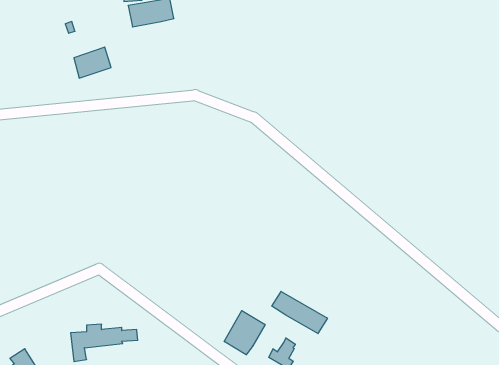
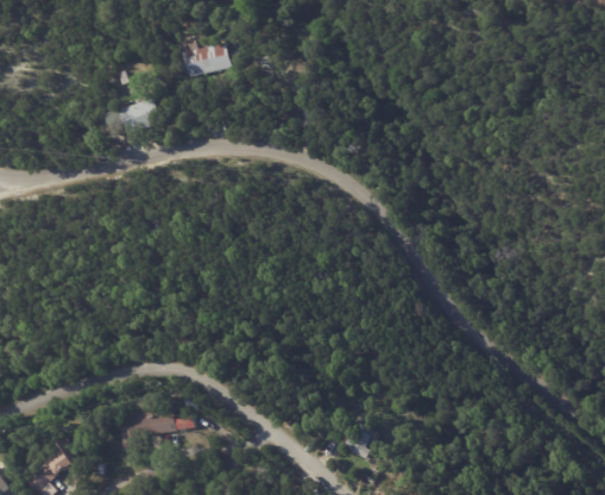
building: [272,291,327,334] -> none
building: [224,311,265,355] -> none

